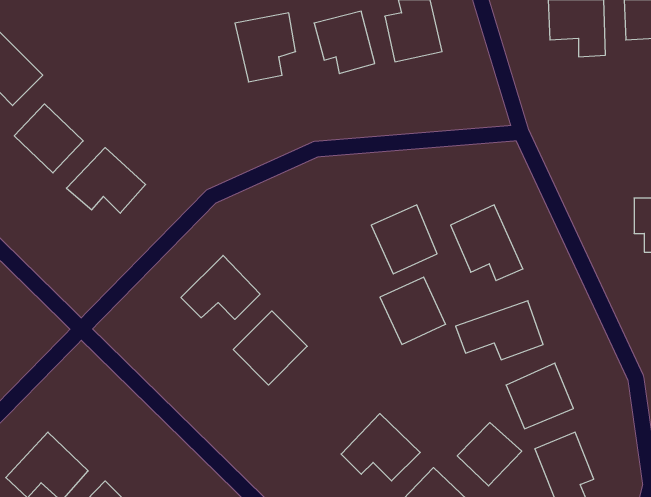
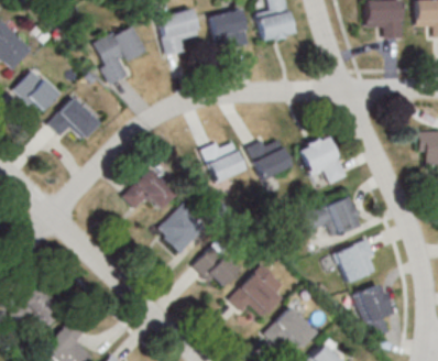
building: none -> [91,24,146,84]
building: [380,277,446,344] -> [202,139,245,183]
building: none -> [195,245,239,291]
building: [457,423,522,486] -> none

